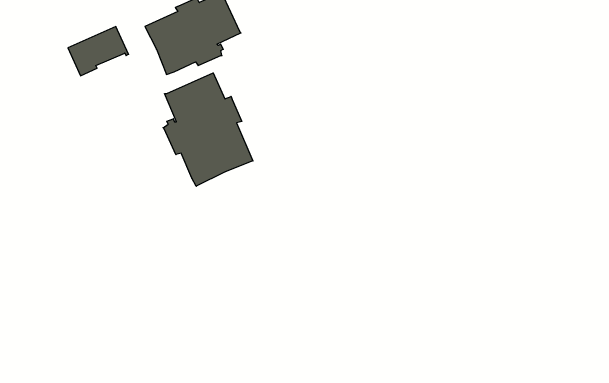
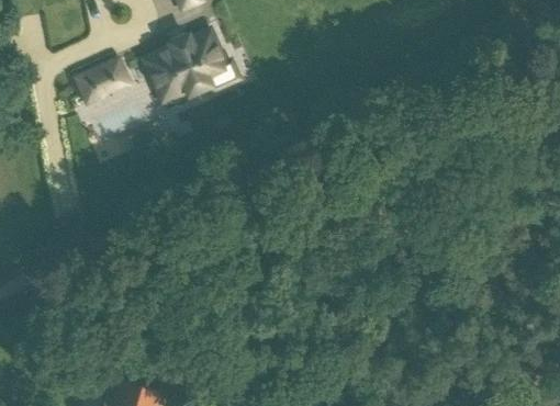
building: [163,73,253,186] -> none

